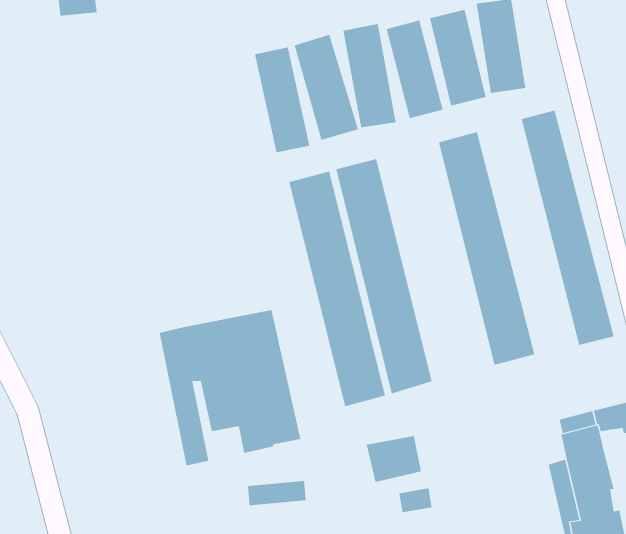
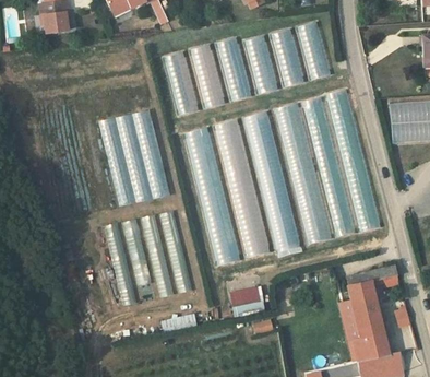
building: none -> [301,96,357,237]
building: none -> [99,109,167,207]
building: none -> [243,110,302,254]

